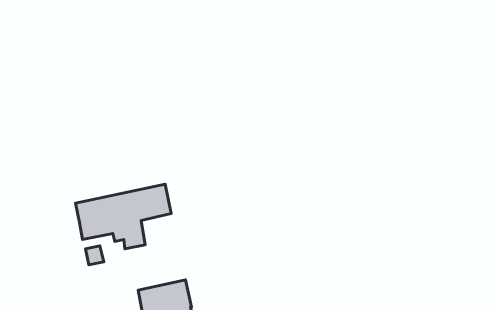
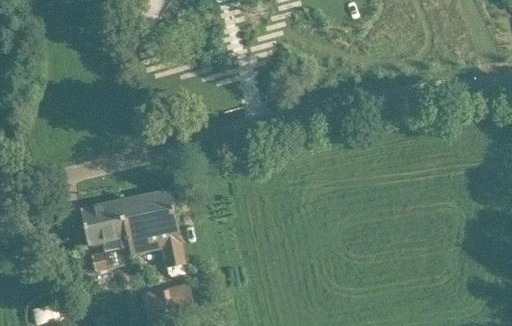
building: none -> [145,216,184,264]

